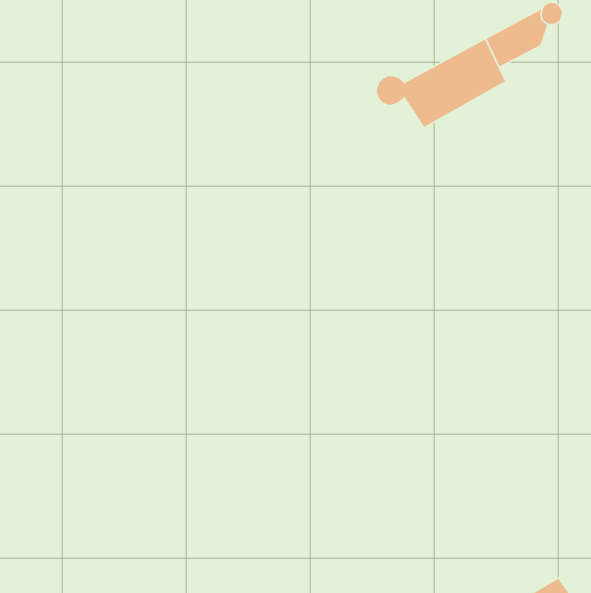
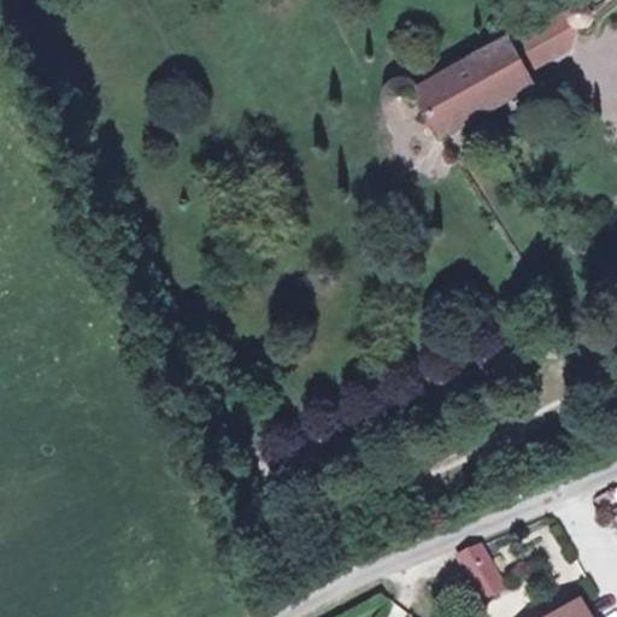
building: none -> [454,542,507,597]

